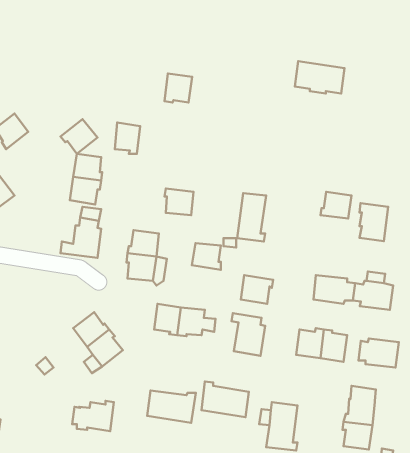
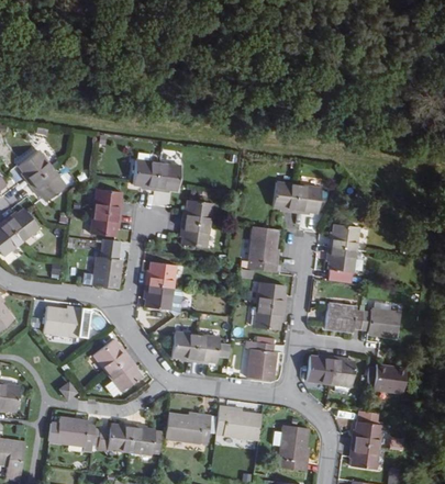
building: [295,61,344,93] -> [272,182,320,213]
building: [164,73,192,102] -> [155,162,181,190]
building: [61,119,98,154] -> [31,168,66,201]
building: none -> [182,199,212,225]
building: [359,203,388,241] -> [329,247,356,283]
building: [192,243,221,270] -> [257,283,285,308]
building: none -> [43,307,89,337]
building: none -> [48,418,96,452]
building: none -> [130,425,163,455]

